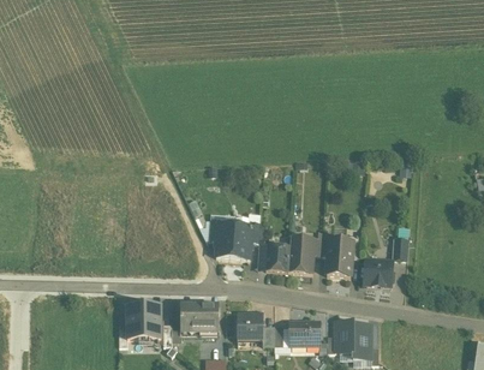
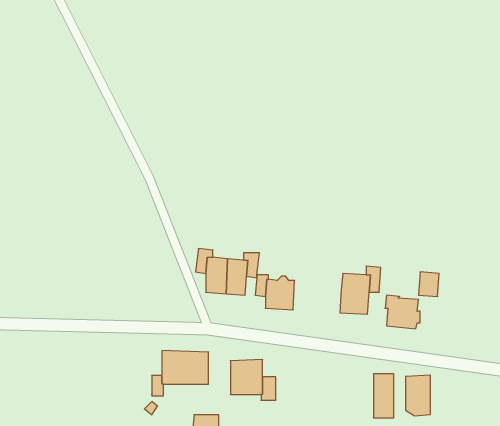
building: [288,237,315,273] -> none
building: [126,305,161,339] -> none
building: [289,320,319,345] -> none
building: [334,320,354,353] -> [406,375,430,416]

